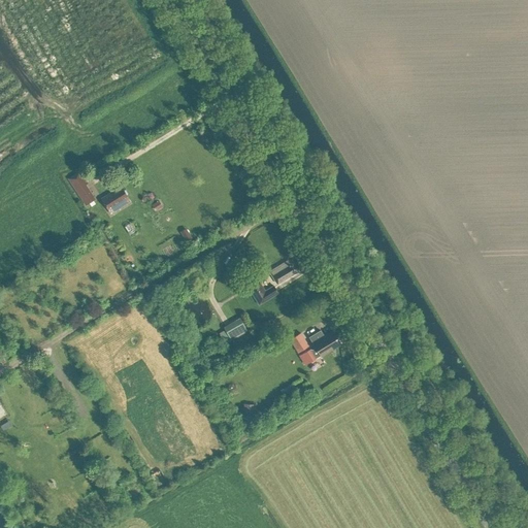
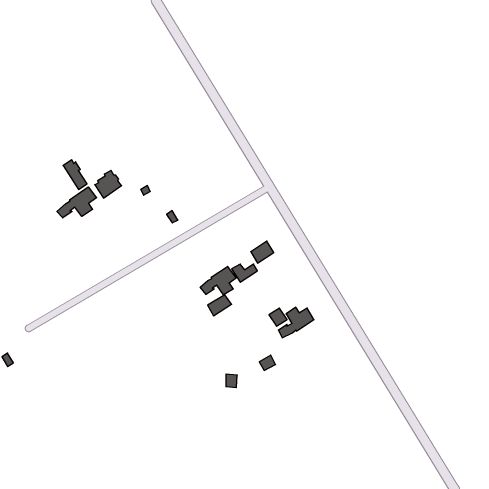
building: none -> [57,187,97,218]
building: none -> [200,266,236,295]

